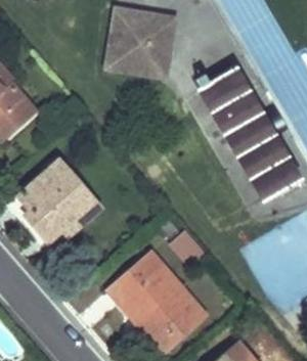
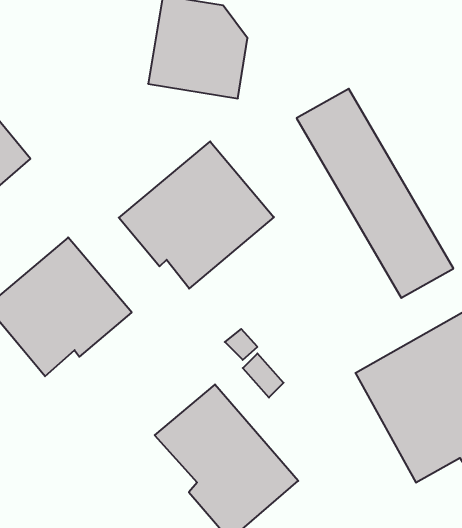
building: none -> [119,141,274,289]

